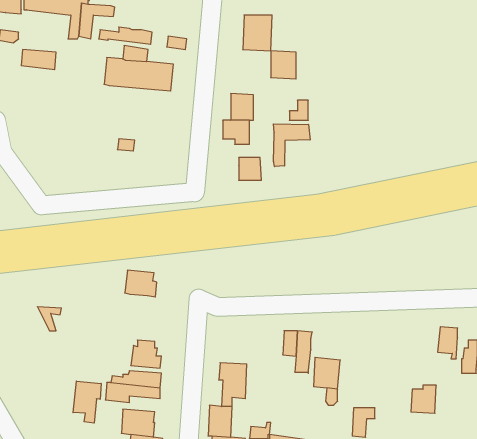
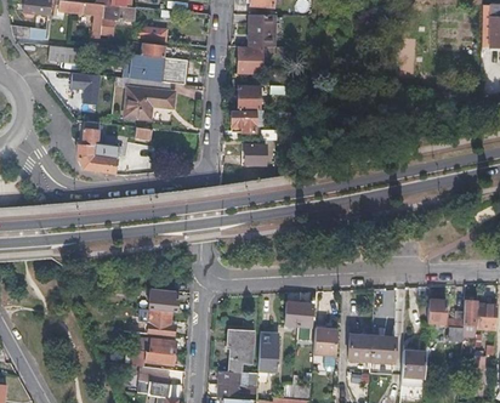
building: [271,51,296,79] -> [239,47,262,73]
building: none -> [70,74,101,106]
building: none -> [125,79,176,120]
building: [274,124,310,167] -> none
building: none -> [78,121,118,172]
building: [125,270,157,297] -> [149,289,178,313]
building: none -> [258,334,279,370]
building: none -> [350,336,396,364]
building: [73,381,101,423] -> none

